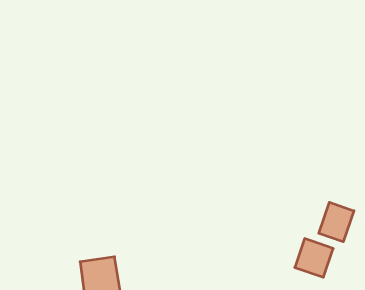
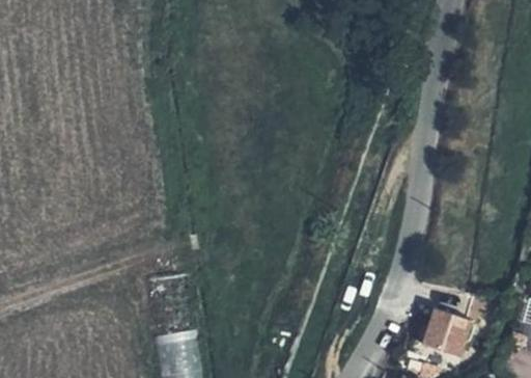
building: [319,202,354,242] -> none

